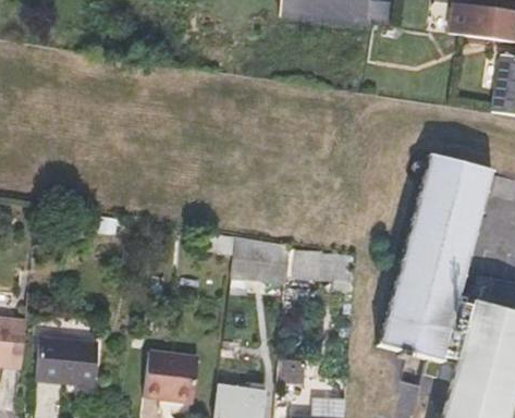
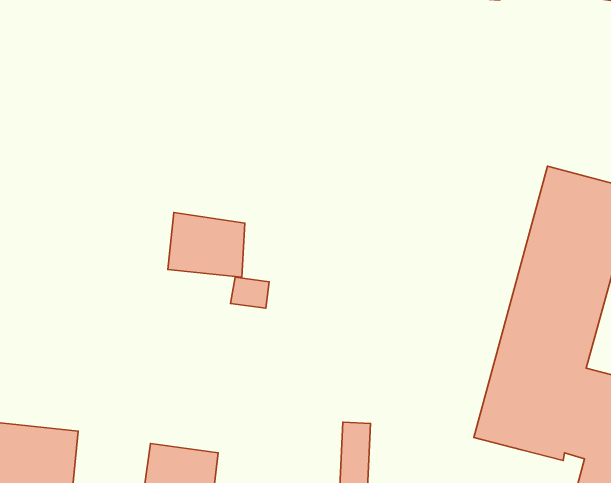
building: [233,236,287,282] -> [168,212,245,277]
building: [292,249,356,293] -> none

